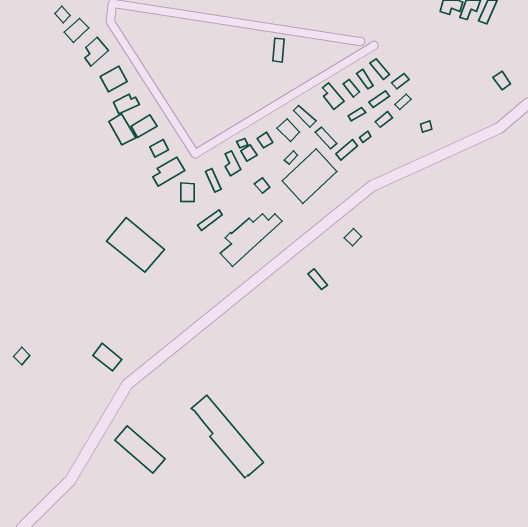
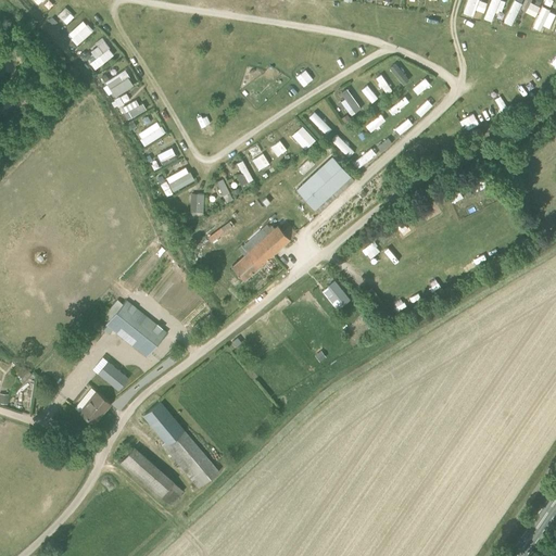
building: [109,114,136,145] -> none
building: [107,217,164,272] -> [106,300,167,357]
building: none -> [79,393,110,425]
building: [191,395,264,478] -> [142,402,218,489]

